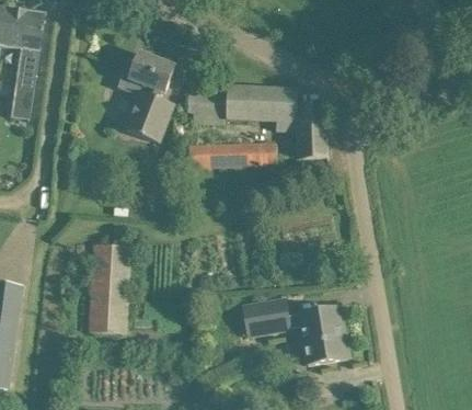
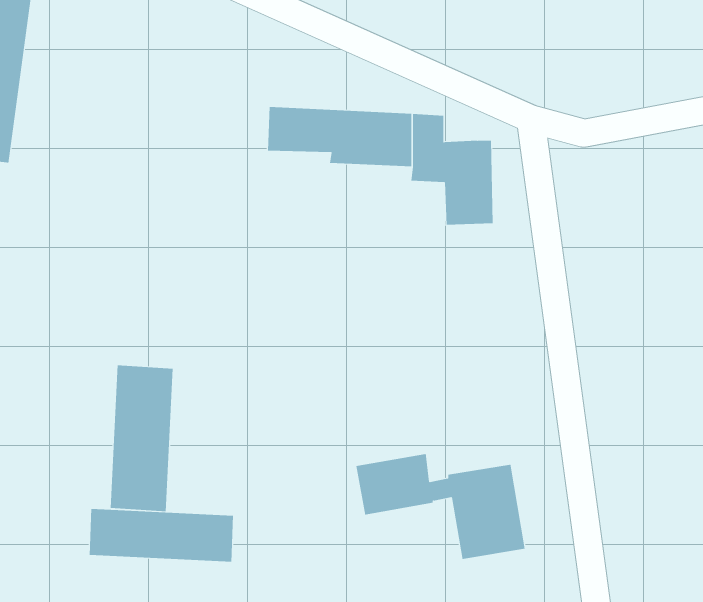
building: [117,52,174,141] -> none
building: [188,143,277,168] -> none
building: none -> [89,508,233,562]

